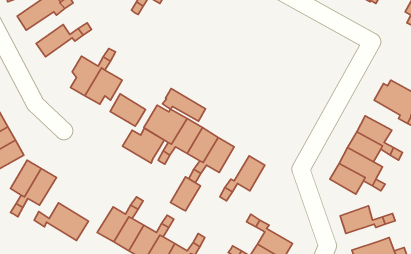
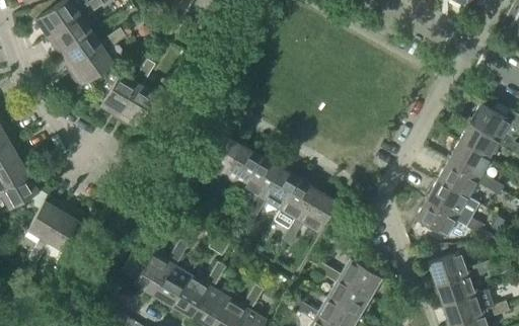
building: none -> [47,16,91,55]
building: none -> [70,48,114,87]
building: [163,89,205,121] -> none
building: [110,94,145,126] -> none
building: none -> [458,124,501,160]
building: [122,128,164,163] -> none
building: [171,177,201,211] -> [281,180,317,222]
building: [34,203,88,240] -> none
building: none -> [339,260,381,298]
building: none -> [435,274,476,306]

